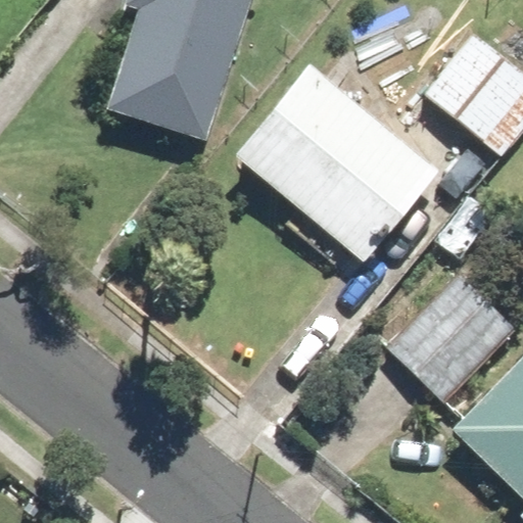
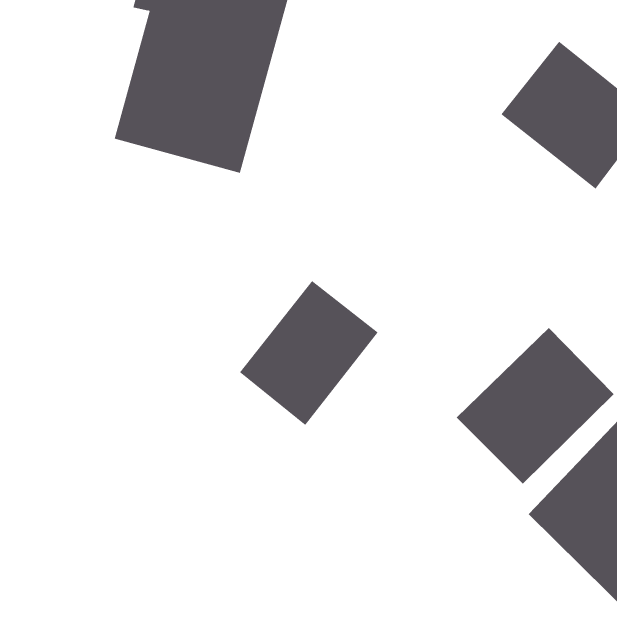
building: [232,63,442,266] -> none
building: none -> [239,280,378,426]

